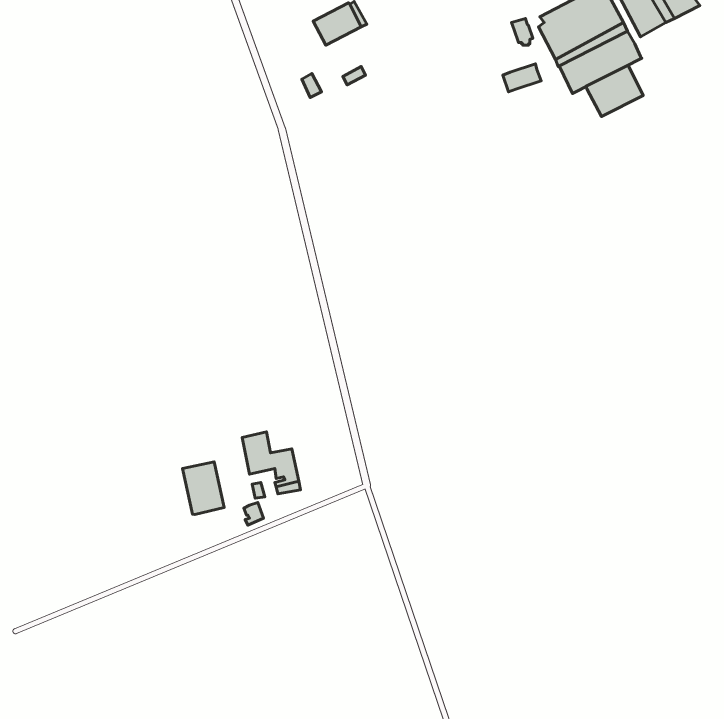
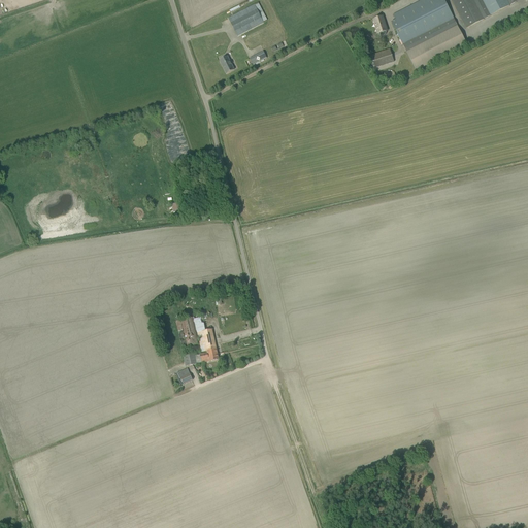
building: [586,65,643,117] -> none
building: [183,462,224,514] -> none

